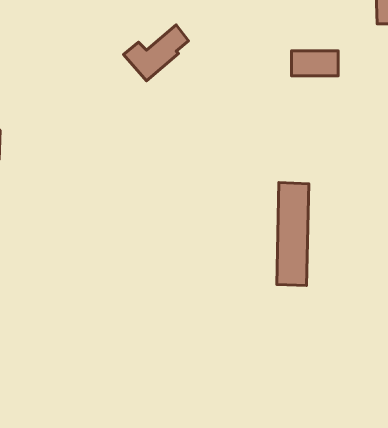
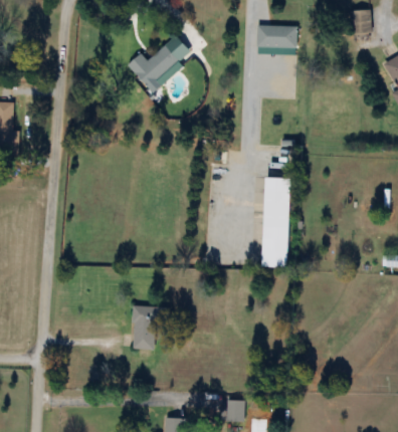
building: [291,51,338,76] -> [255,25,296,47]
building: none -> [131,304,158,350]

